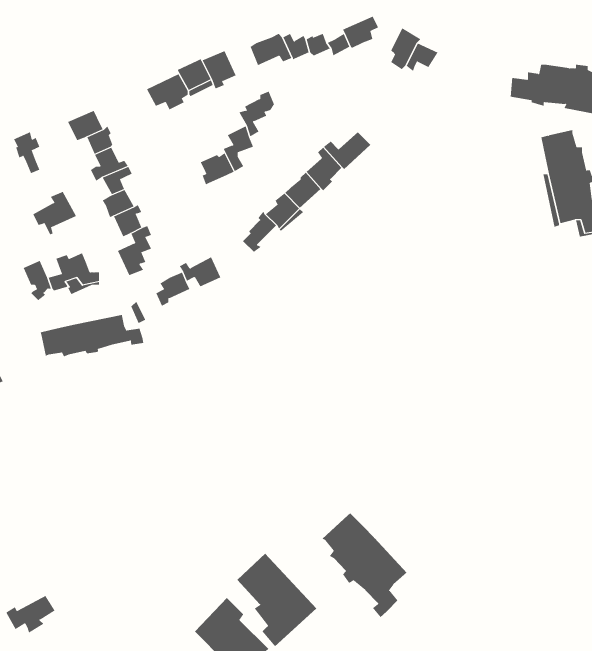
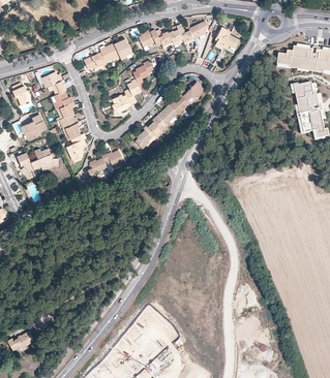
building: [40,314,144,357] -> none
building: [322,513,407,618] -> none

